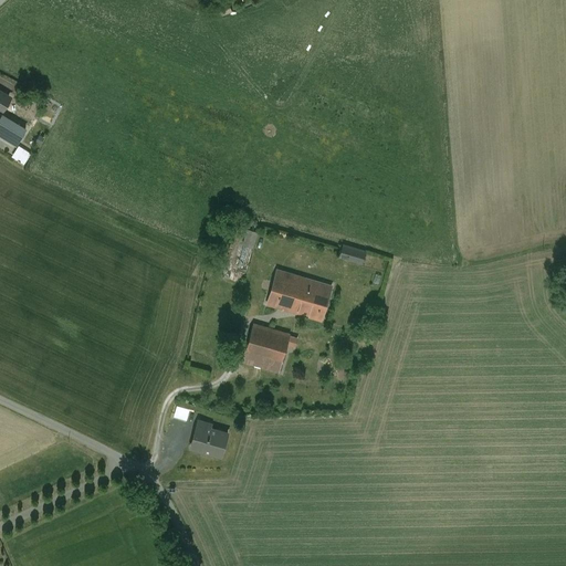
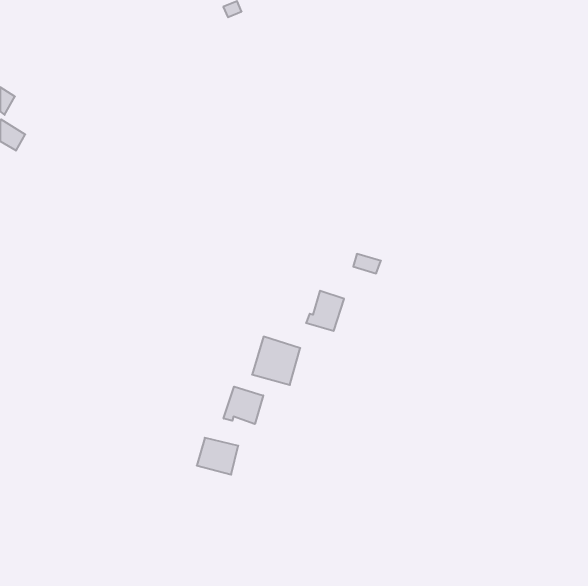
building: [268,272,307,312] -> none
building: none -> [224,387,263,424]

